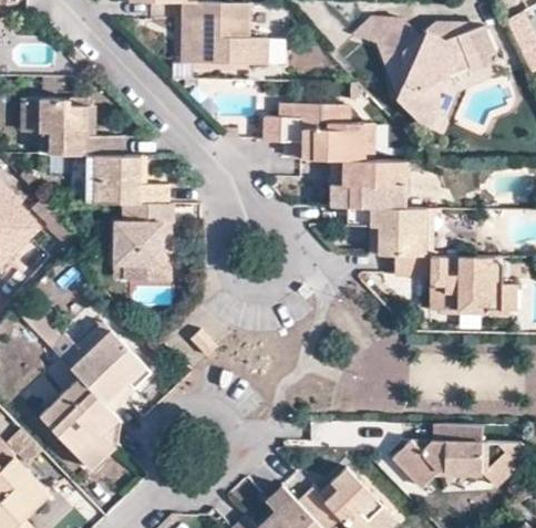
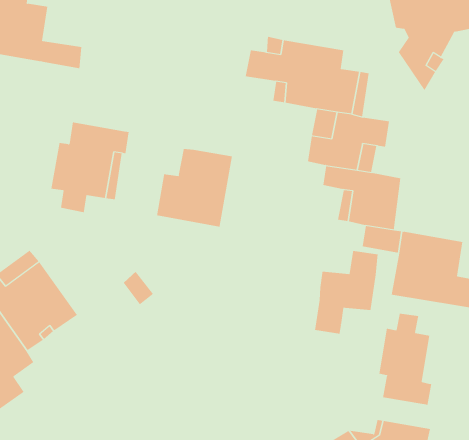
building: [86,156,169,206] -> none
building: none -> [157,148,233,227]
building: none -> [314,250,378,335]
building: none -> [379,313,432,405]

